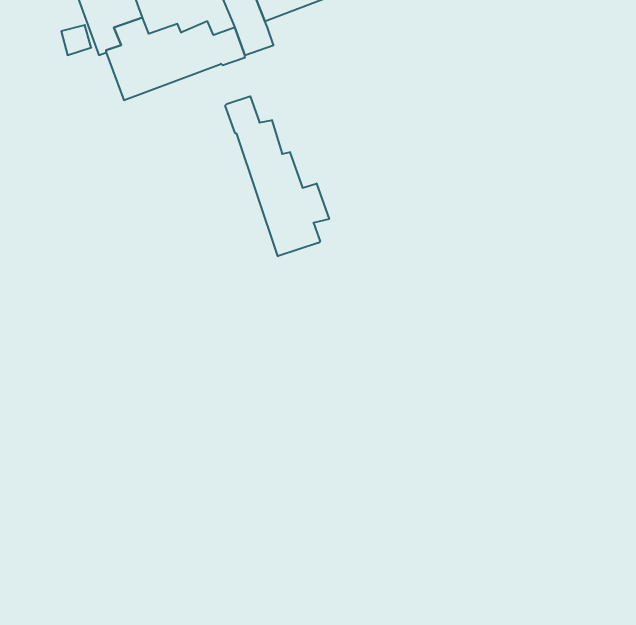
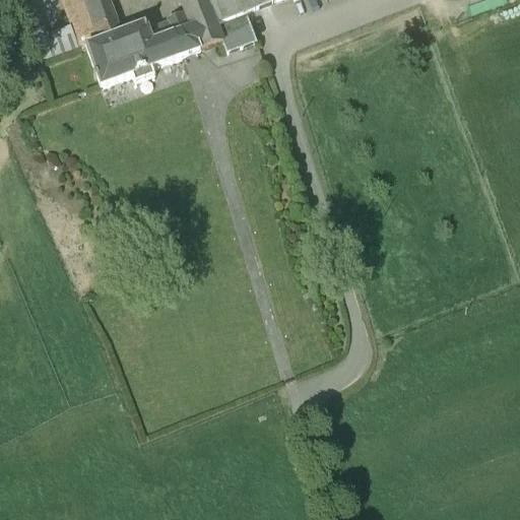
building: none -> [219,11,257,47]
building: [225,96,329,256] -> none

